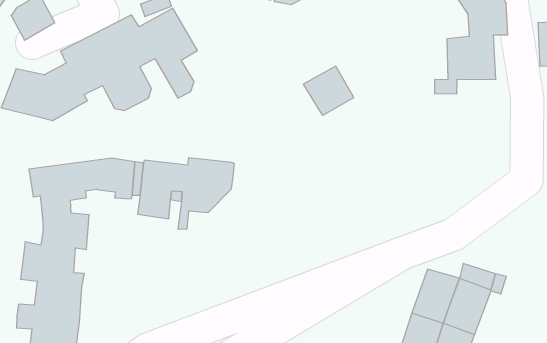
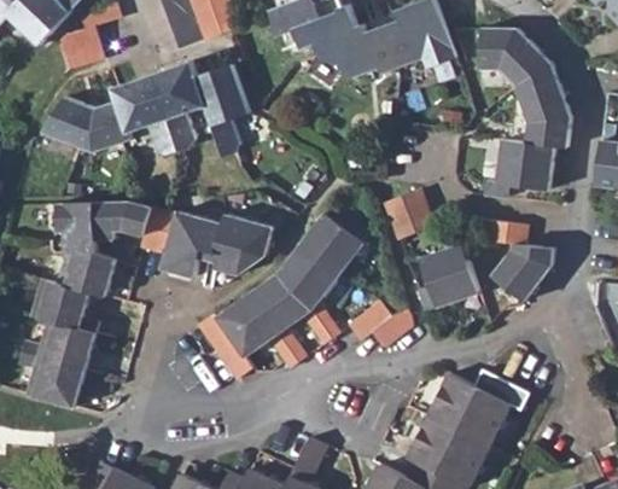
building: [303,66,354,115] -> [383,188,432,237]
building: none -> [490,219,558,297]
building: none -> [200,210,360,379]
building: none -> [418,248,479,312]
building: none -> [349,304,413,347]

